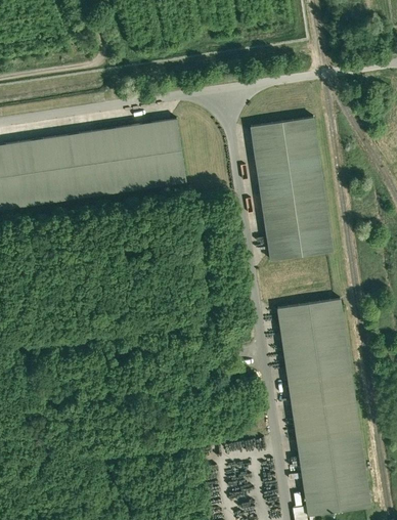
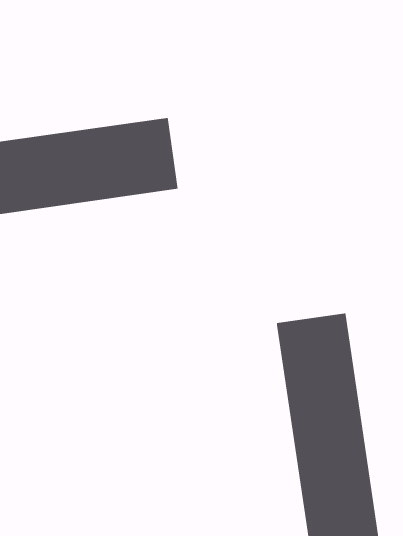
building: [251,117,335,261] -> none

